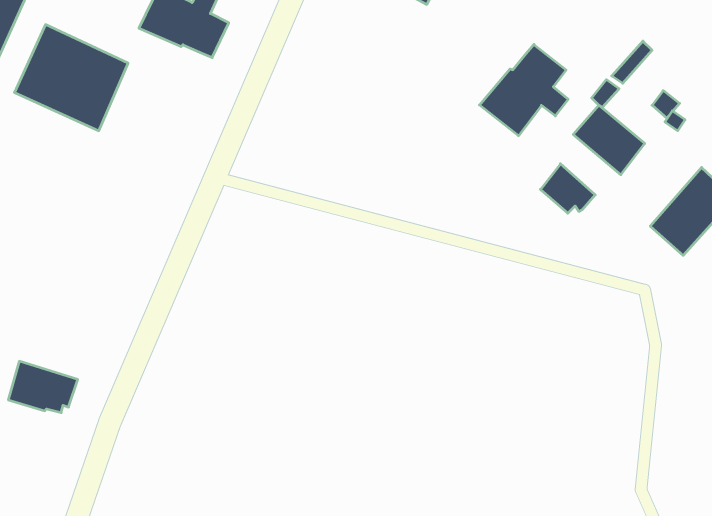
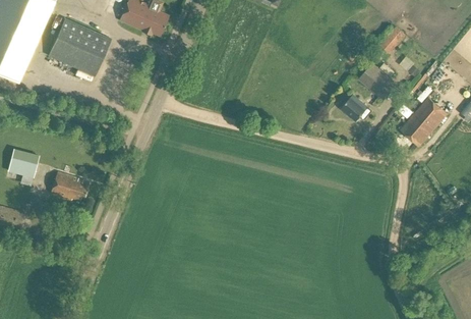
building: [479,44,568,136] -> none
building: [8,361,78,413] -> [51,172,90,201]

